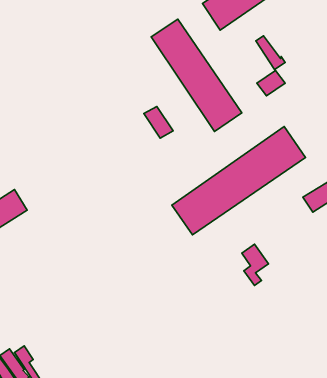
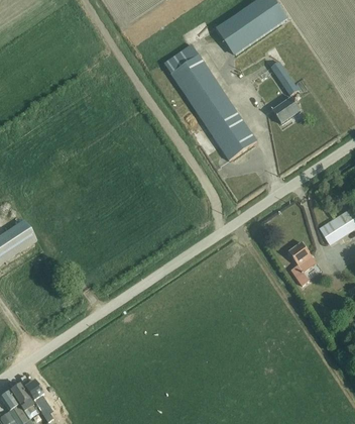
building: [144,106,173,138] -> none
building: [172,127,305,235] -> none
building: [242,244,268,286] -> [288,242,316,285]

